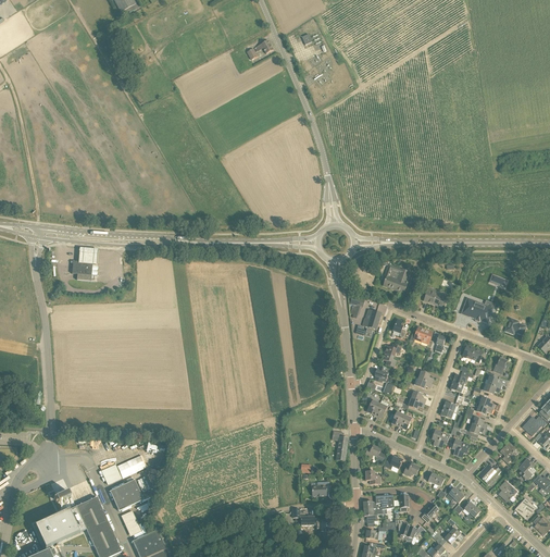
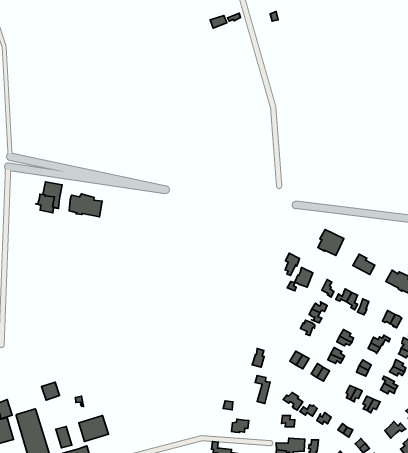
building: none -> [69,194,102,217]
building: [109,479,142,509] -> [79,416,108,441]

